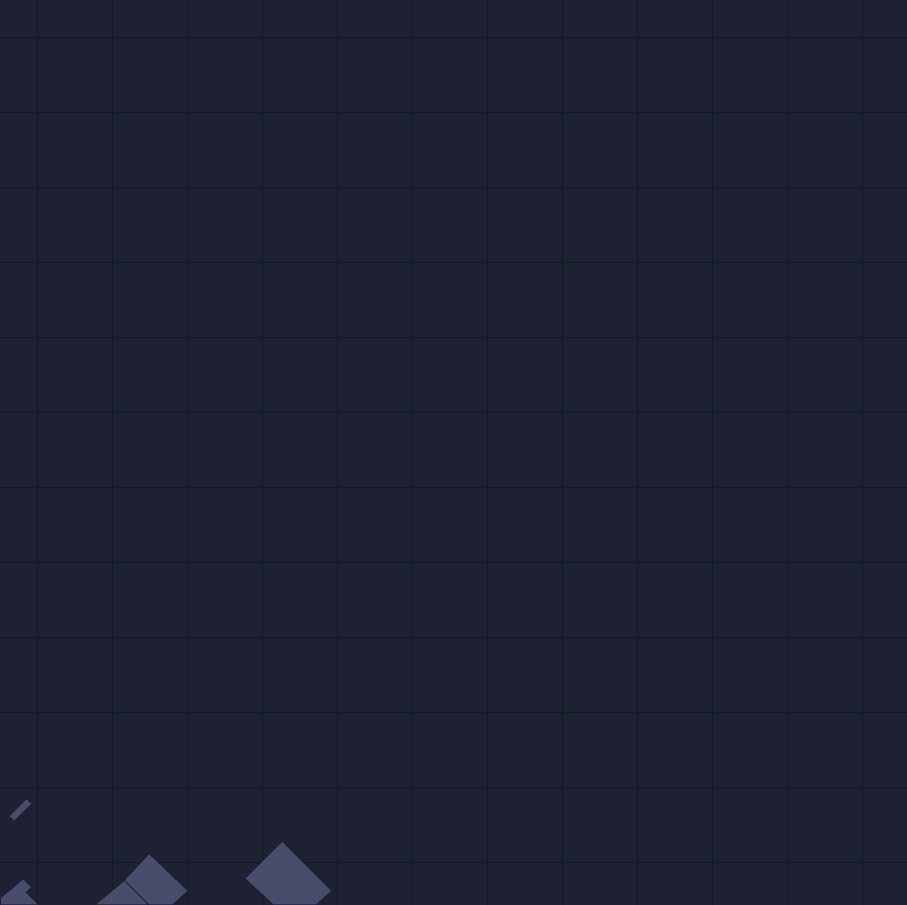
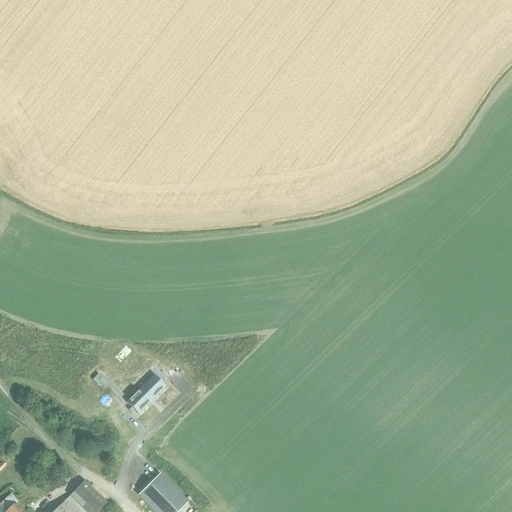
building: none -> [126,377,165,414]

